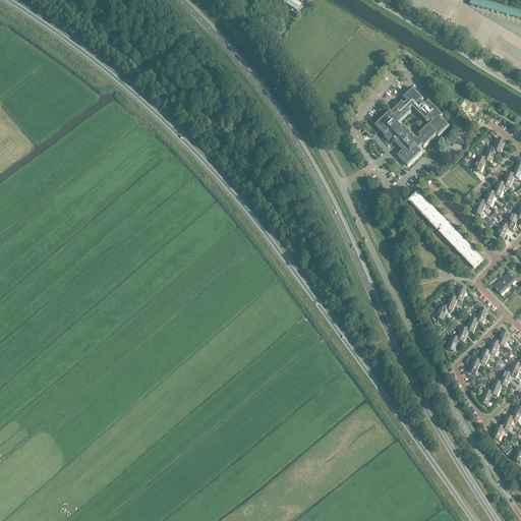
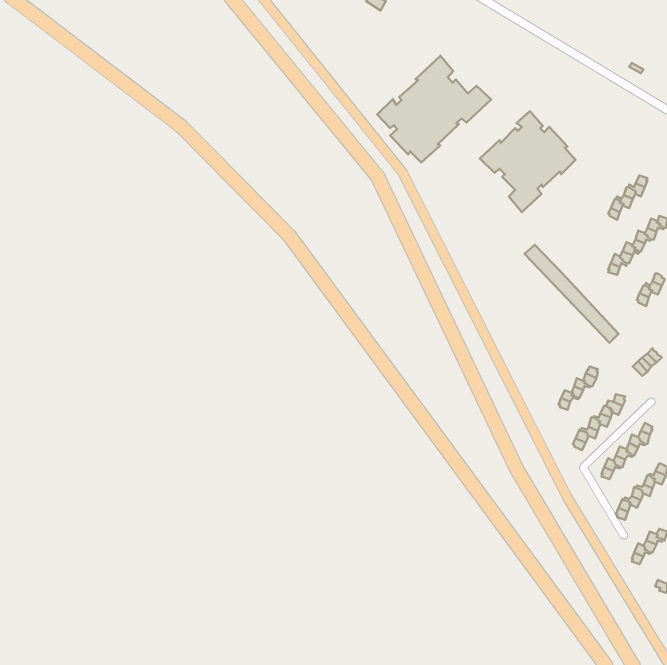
building: none -> [377,56,491,163]

